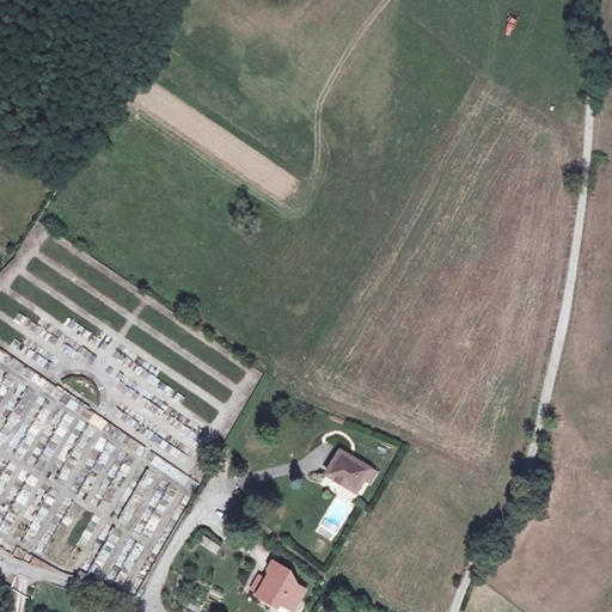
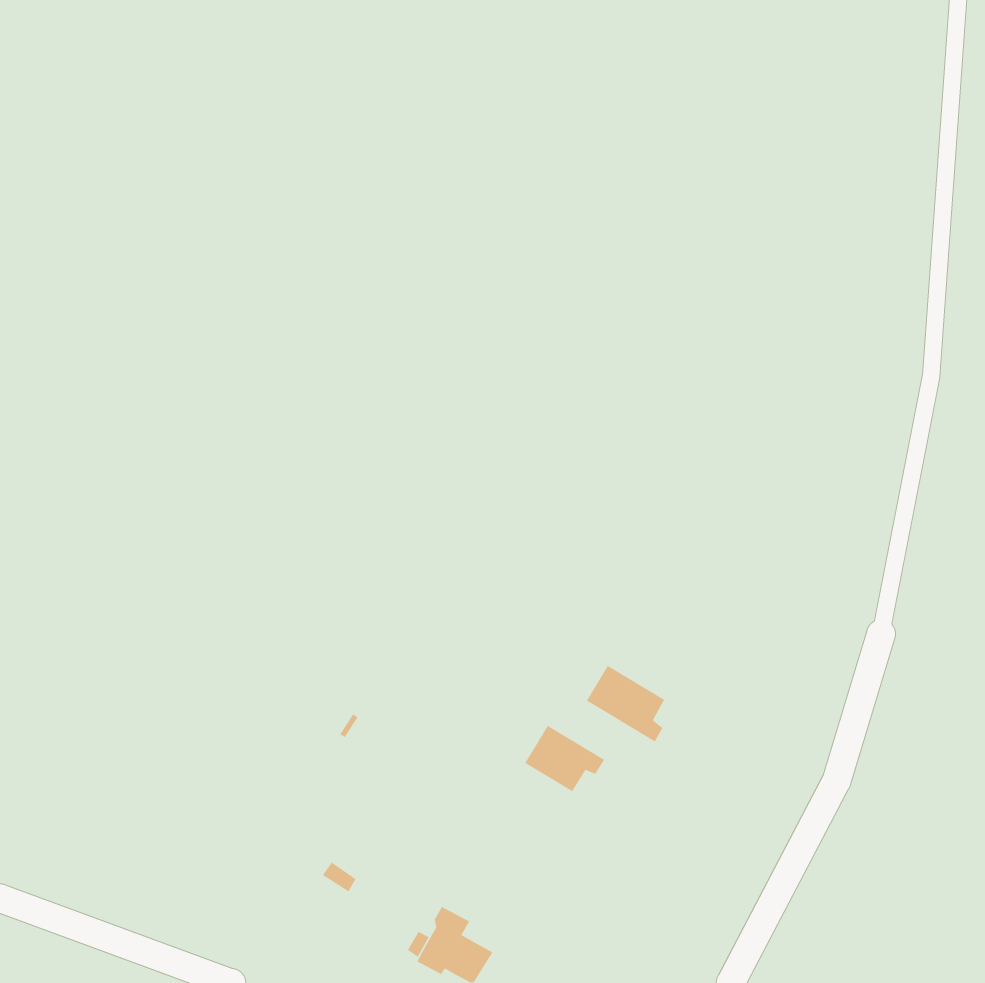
building: none -> [586,665,665,743]

